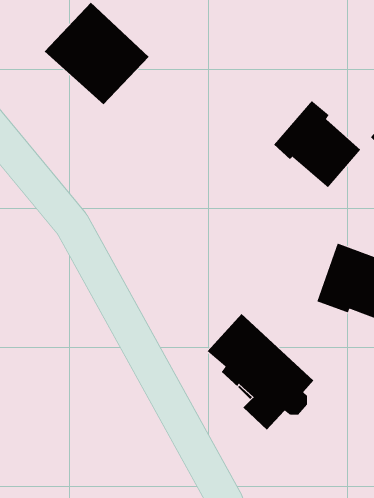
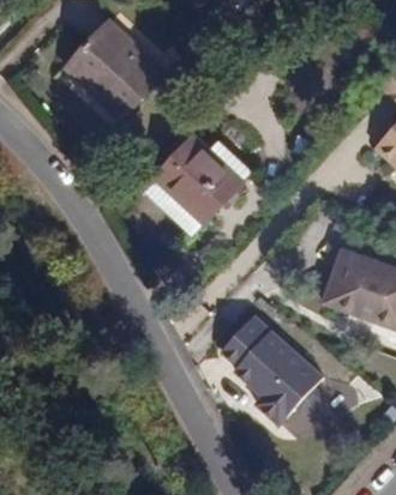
building: [273,100,361,188] -> [157,134,240,217]

